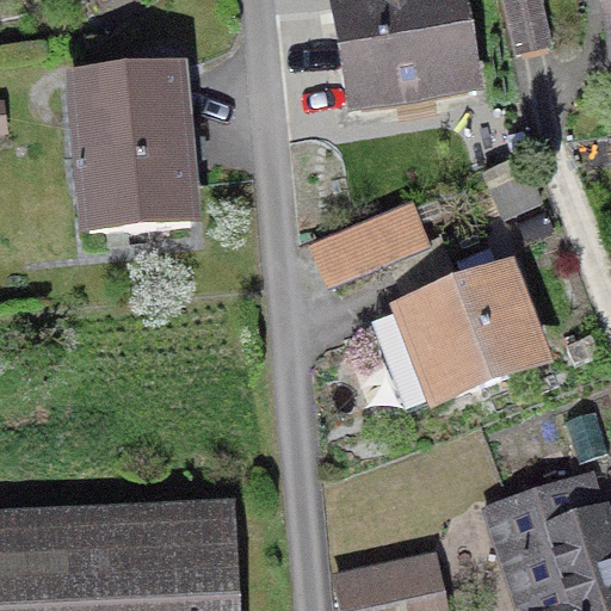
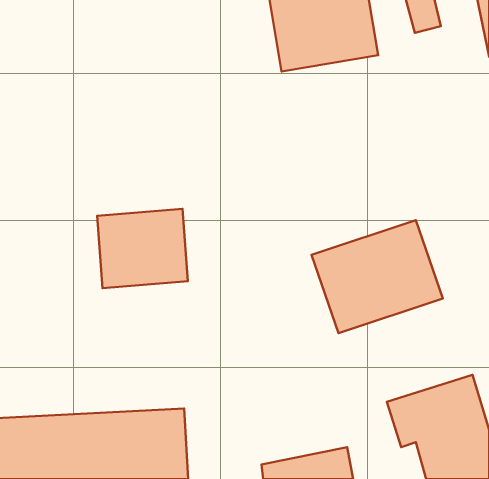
building: [72,66,214,243] -> none
building: [304,202,428,288] -> none
building: none -> [97,209,188,288]

